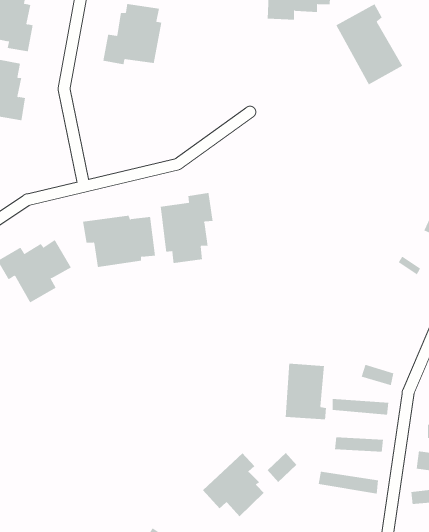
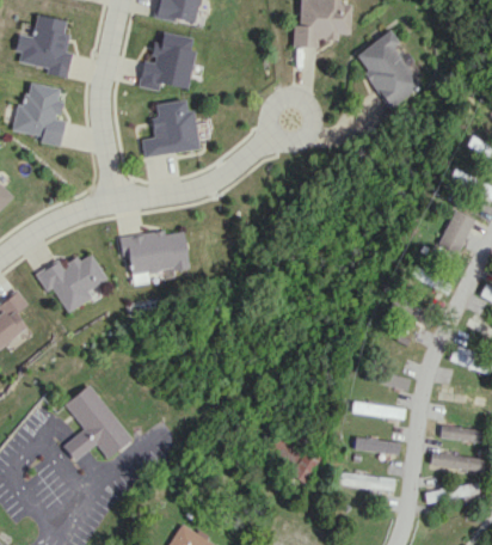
building: none -> [141,100,197,157]
building: [160,192,213,264] -> none
building: [285,363,326,420] -> none
building: none -> [64,385,133,461]
building: [202,453,265,517] -> none

